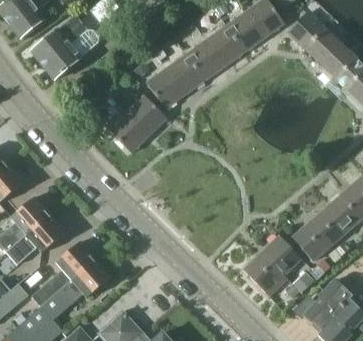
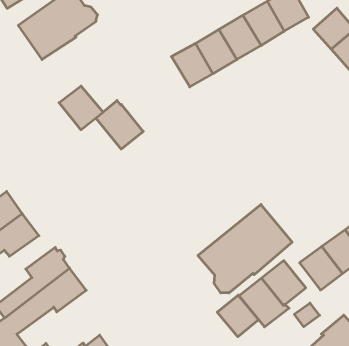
building: [147,67,185,106] -> none
building: [127,96,166,134] -> [59,86,103,130]
building: none -> [198,204,292,293]
building: none -> [217,295,259,337]

